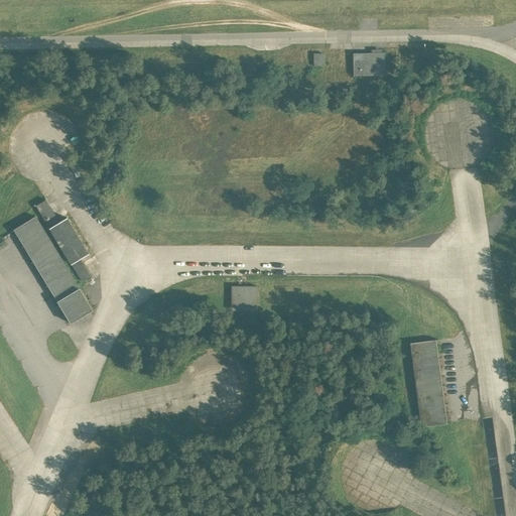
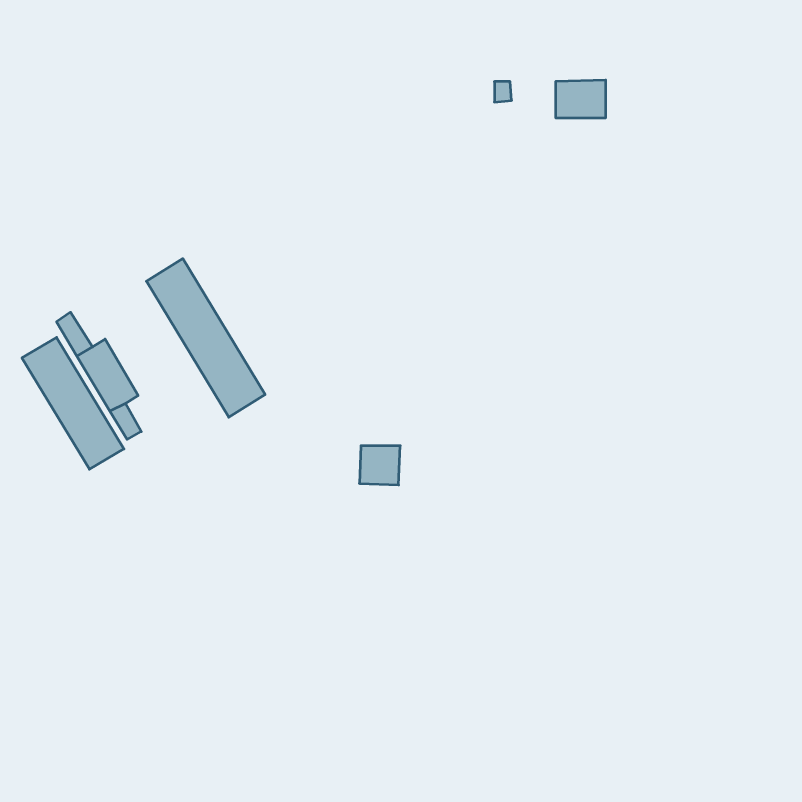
building: none -> [146,259,265,417]
building: [57,288,93,324] -> none
building: [410,341,446,427] -> none

